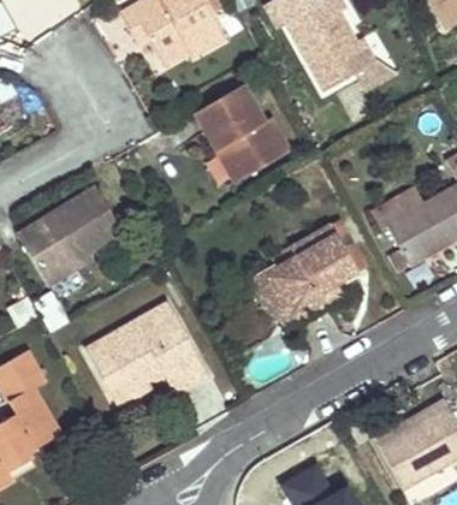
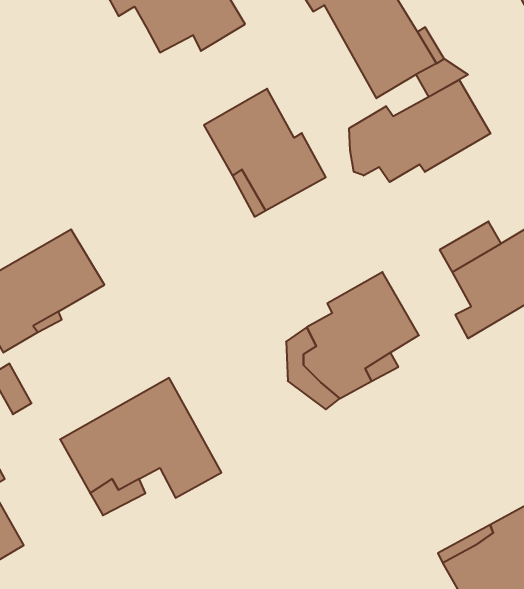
building: none -> [349,80,490,182]

